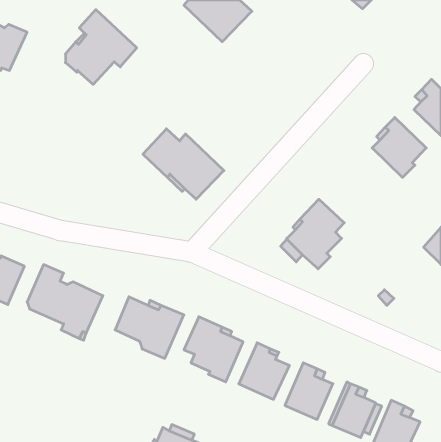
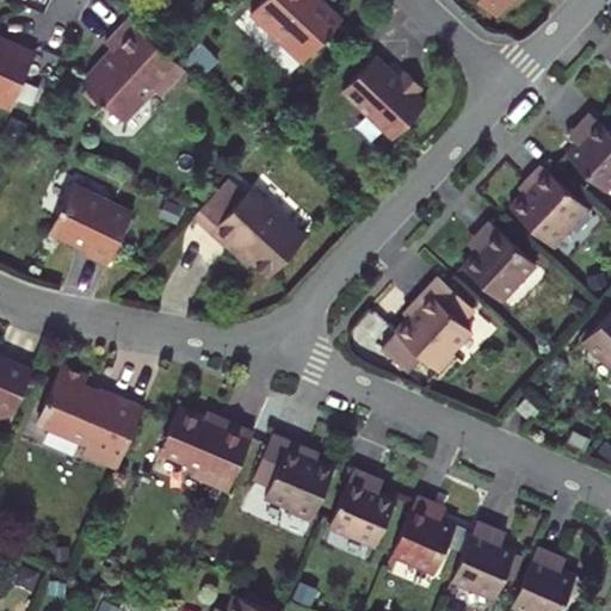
building: none -> [347,58,430,140]
building: none -> [55,185,137,265]
building: none -> [463,221,535,300]

